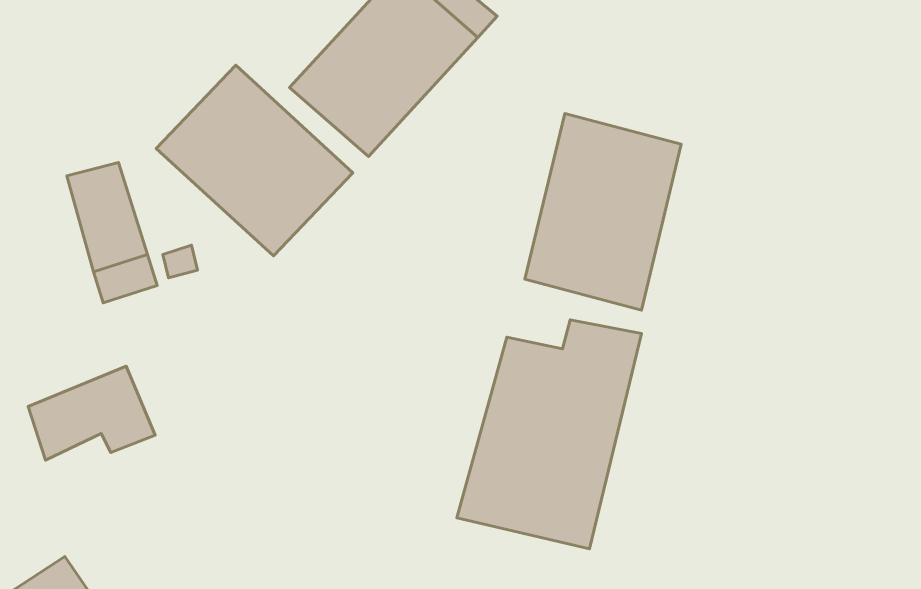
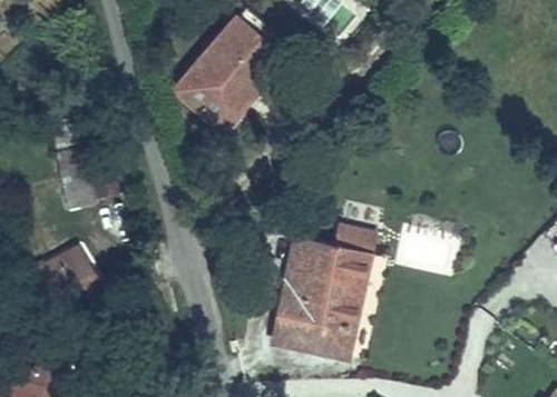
building: [156,65,353,256] -> none
building: [525,114,681,310] -> none

